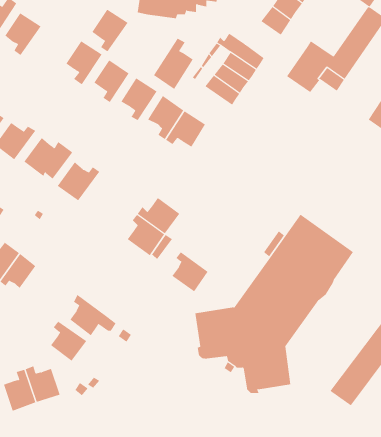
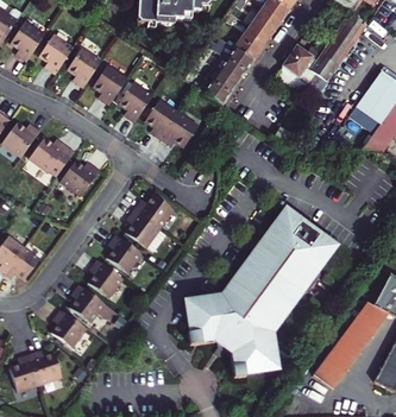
building: [91,9,128,52] -> [38,33,73,74]
building: none -> [234,29,268,63]
building: [153,38,193,90] -> none
building: [172,252,209,292] -> [106,234,140,272]
building: none -> [88,259,122,297]

